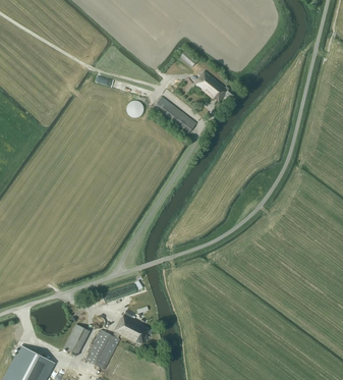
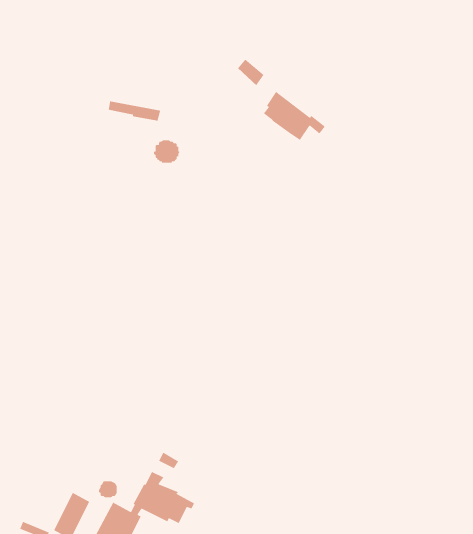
building: [153,96,196,135] -> none

